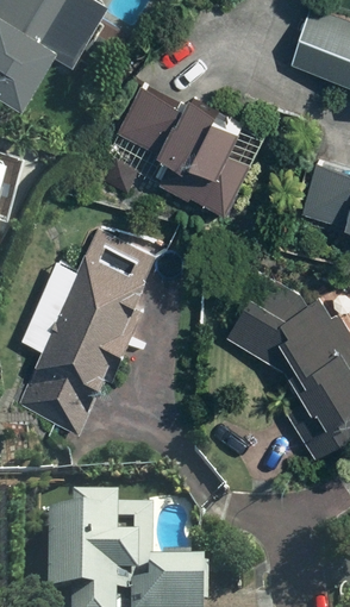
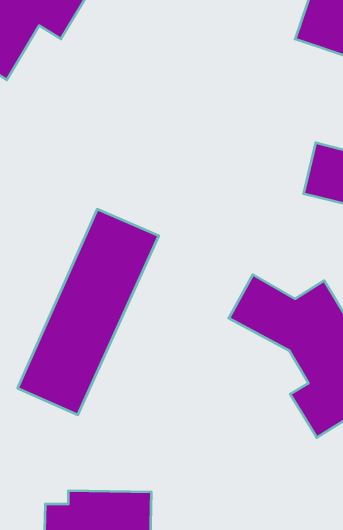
building: [119,87,250,212] -> none

